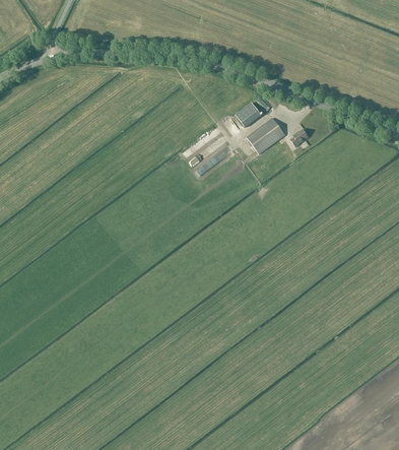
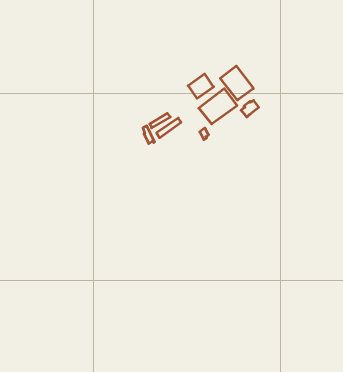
building: none -> [220,66,253,100]

